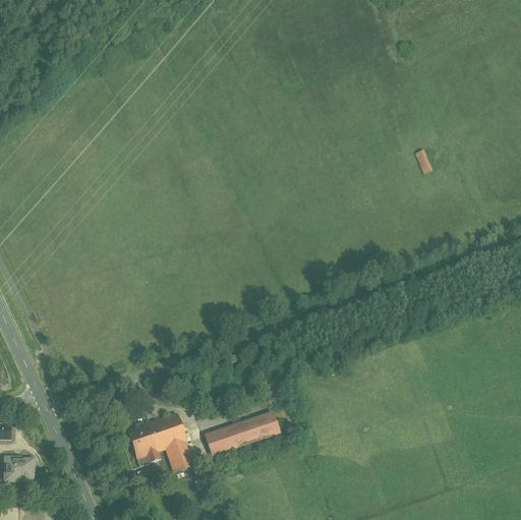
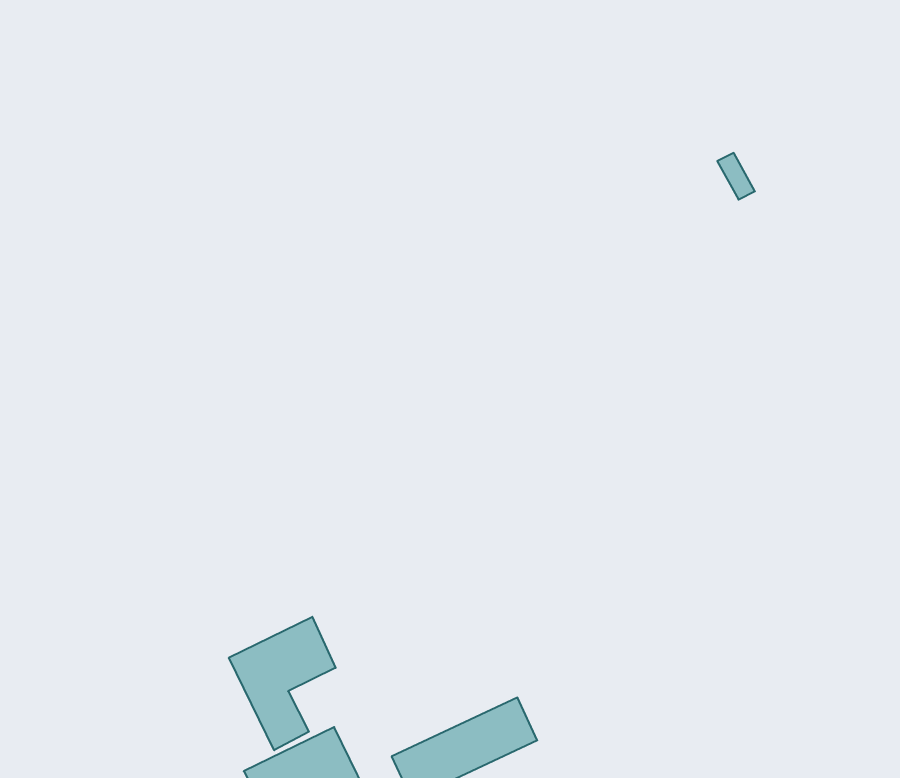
building: none -> [229,617,336,750]

